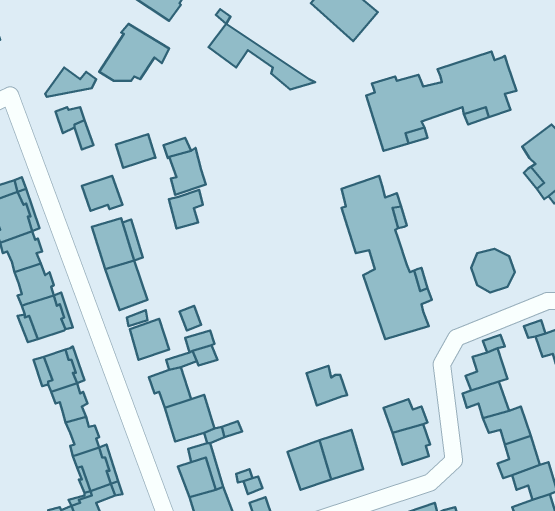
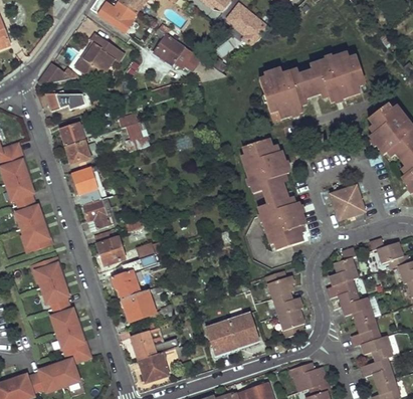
building: [116,134,155,168] -> [59,123,86,146]
building: [169,190,203,229] -> none
building: [306,366,347,405] -> [265,271,293,298]

